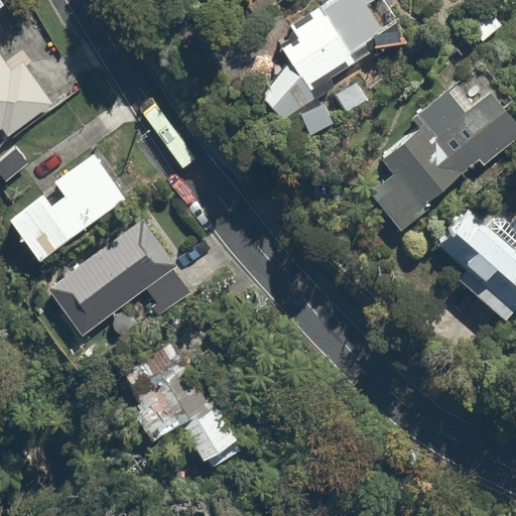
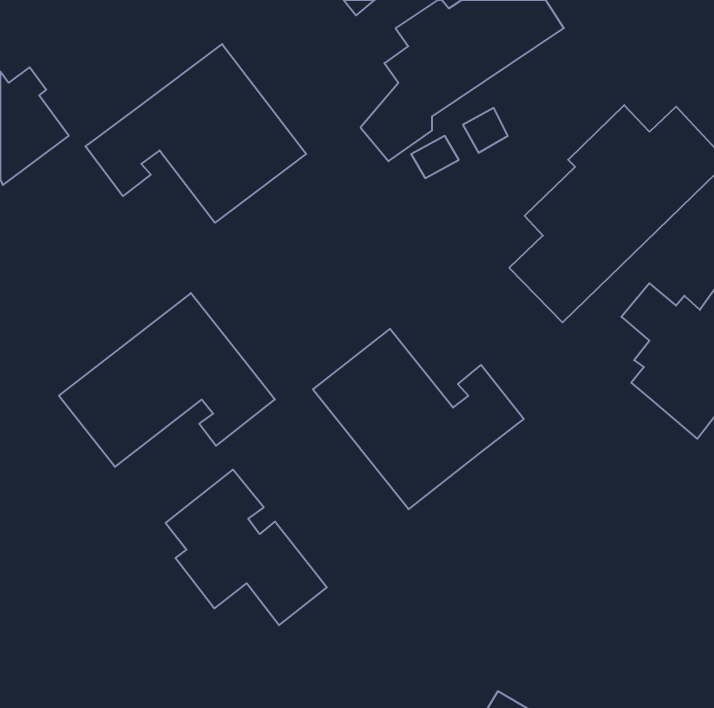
building: none -> [85,44,306,223]
building: [9,157,125,264] -> none
building: none -> [313,329,524,509]

